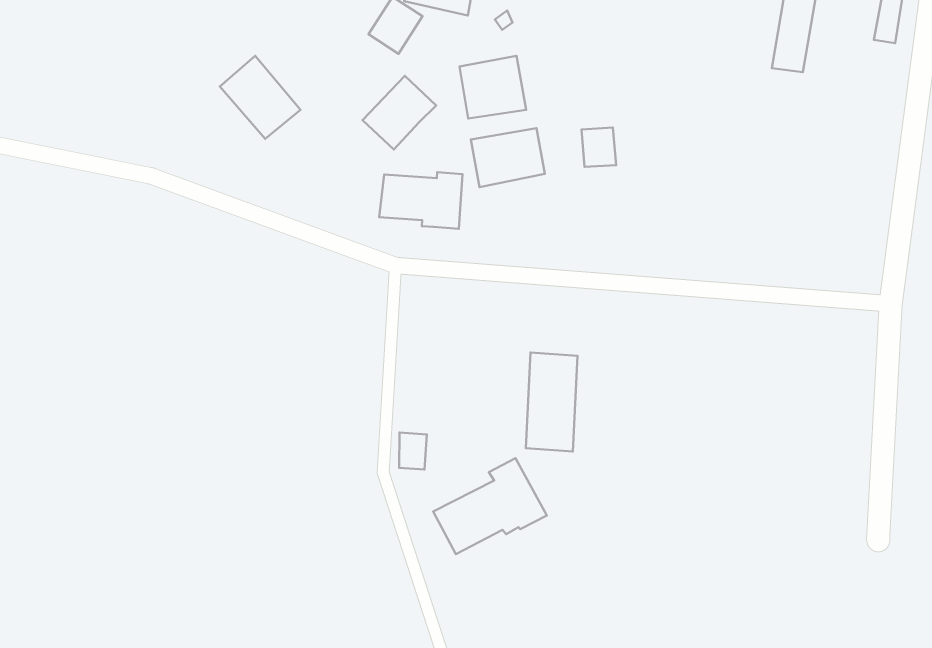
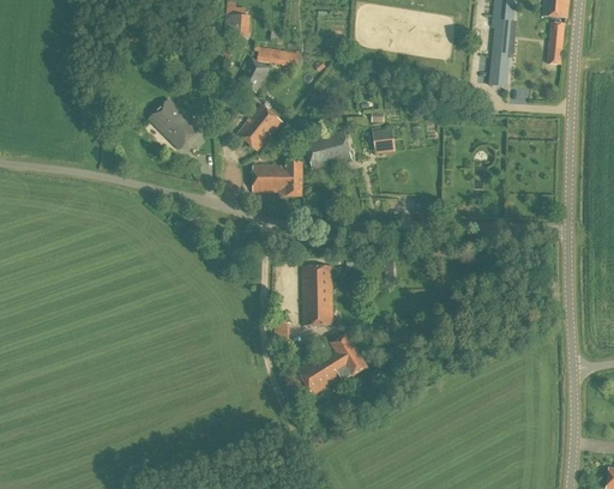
building: [459,56,526,119] -> none
building: [526,352,577,452] -> [302,266,332,325]

